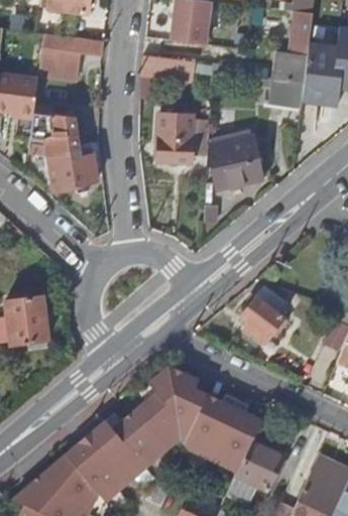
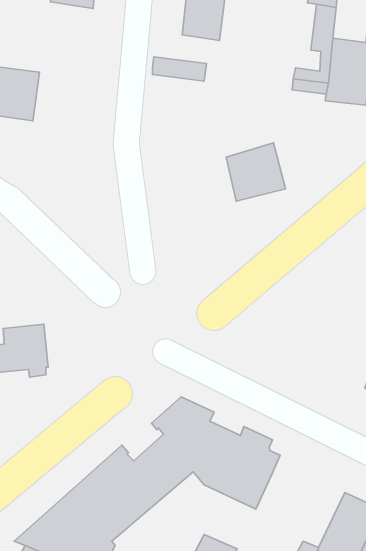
building: [38,32,105,74] -> none
building: [27,110,97,192] -> none
building: [158,112,210,160] -> none
building: [240,287,285,345] -> none
building: [236,438,284,489] -> none

